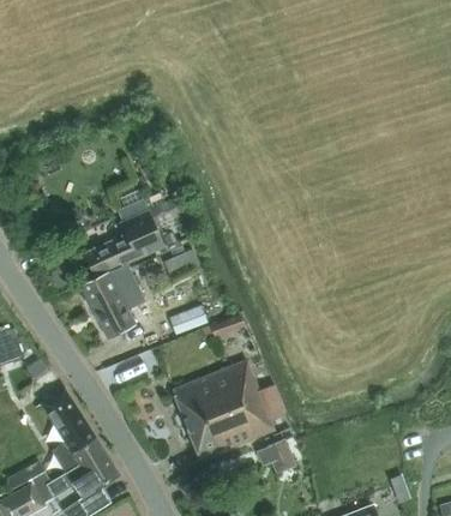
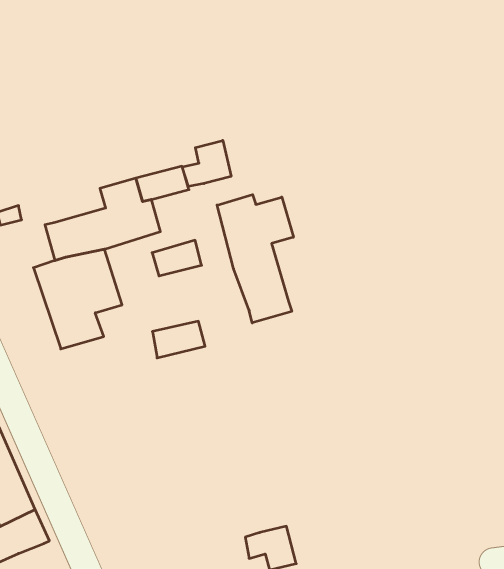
building: none -> [182,140,231,186]
building: none -> [217,195,293,323]
building: [173,360,275,460] -> none

